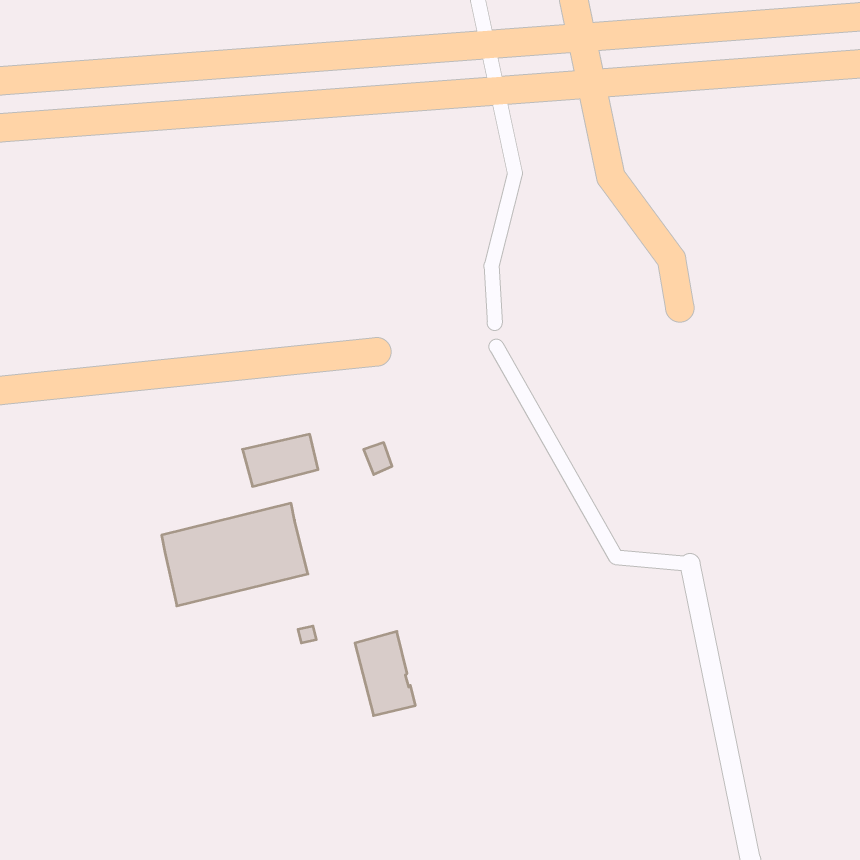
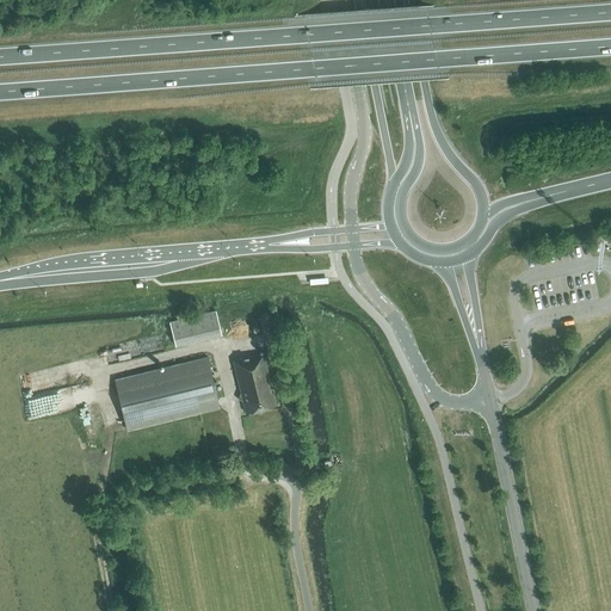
building: [355,631,415,716] -> [232,353,274,413]

